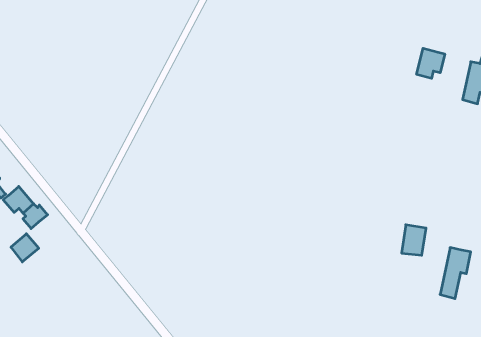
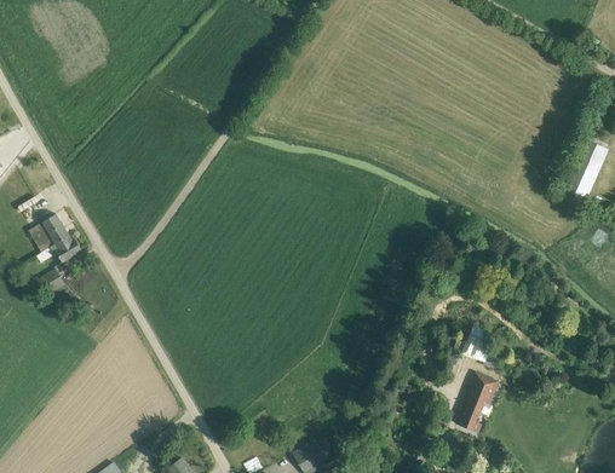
building: [417,48,445,78] -> none
building: [440,248,471,299] -> [456,374,498,431]

